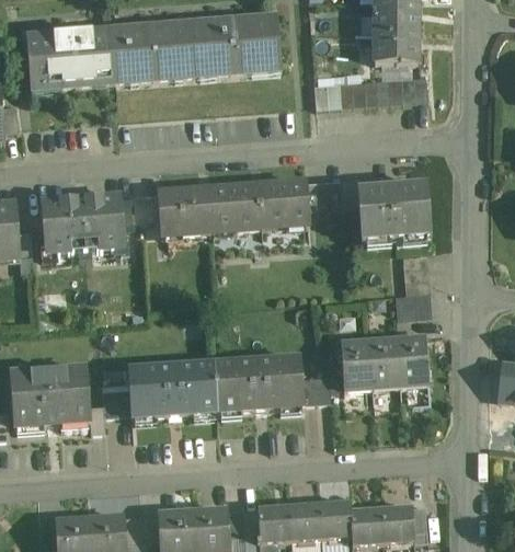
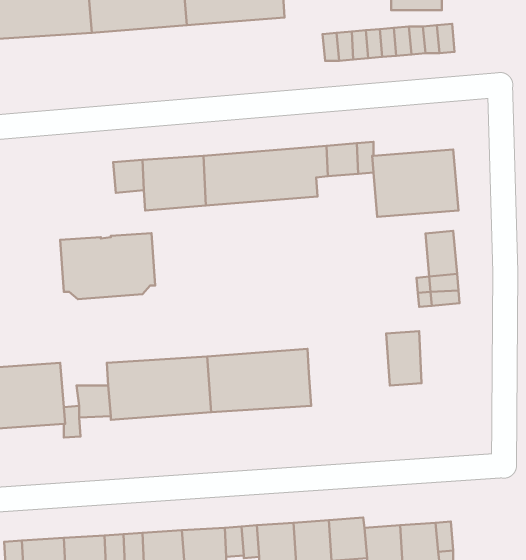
building: [42,195,124,252] -> [60,233,155,299]
building: [397,336,428,384] -> none
building: [341,342,371,389] -> none
building: [301,375,331,402] -> none

